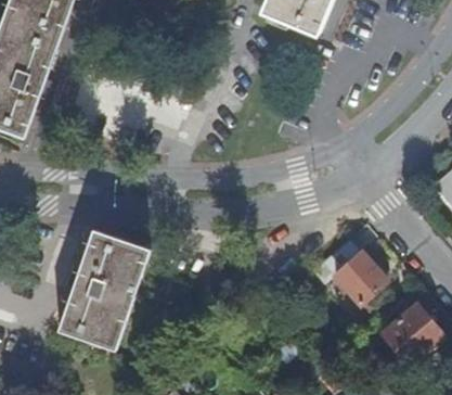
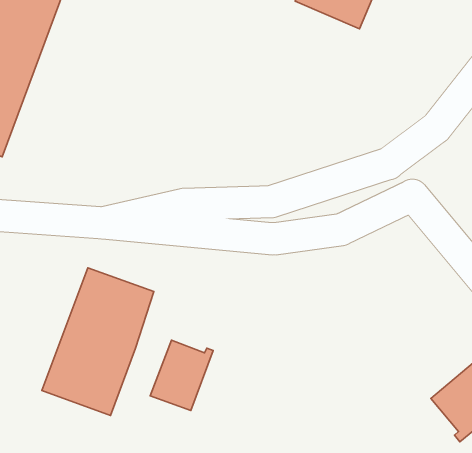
building: [321,241,386,306] -> none
building: none -> [150,340,213,411]

